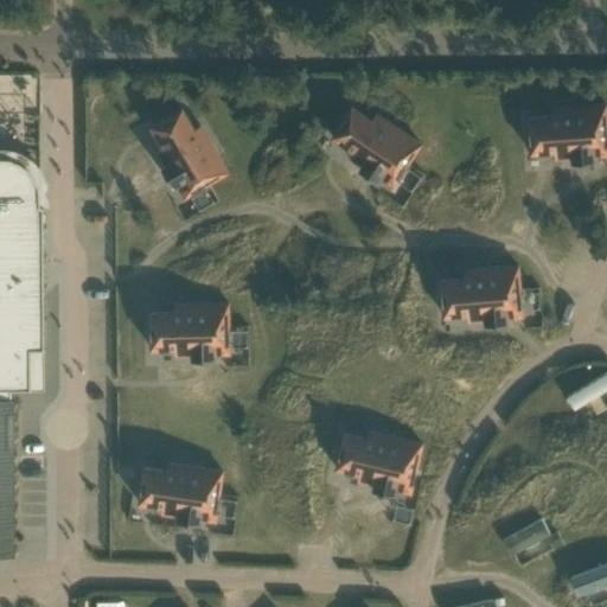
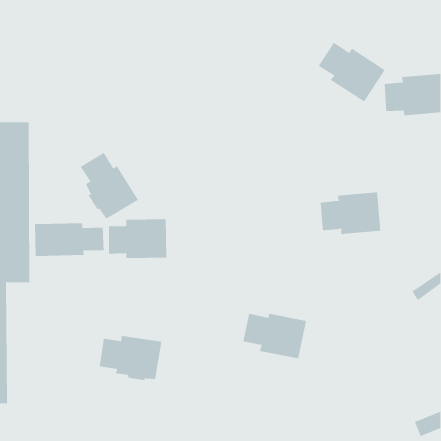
building: [327,103,420,186] -> [318,42,385,102]
building: [147,106,228,198] -> [80,152,139,220]
building: none -> [35,222,104,257]
building: [499,519,549,558] -> none

